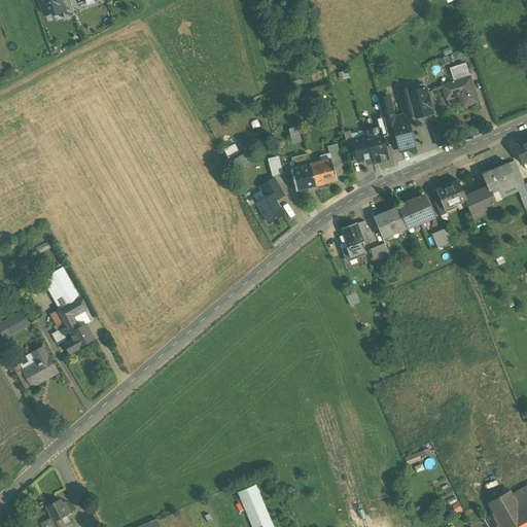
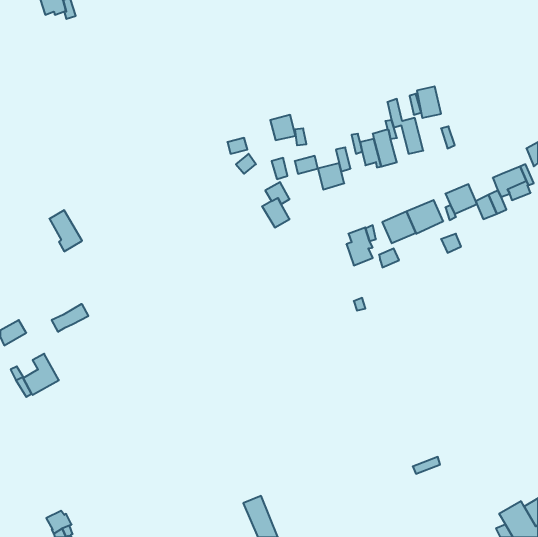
building: [443,77,478,107] -> none
building: [291,165,316,189] -> [270,115,296,140]
building: [47,268,79,308] -> [49,210,82,251]
building: [64,317,94,352] -> none

